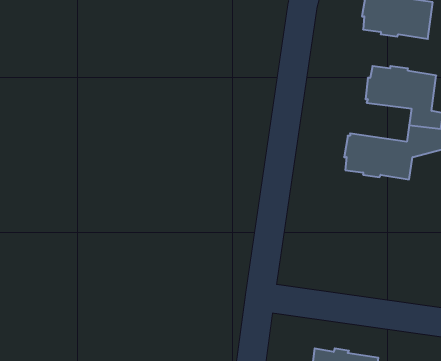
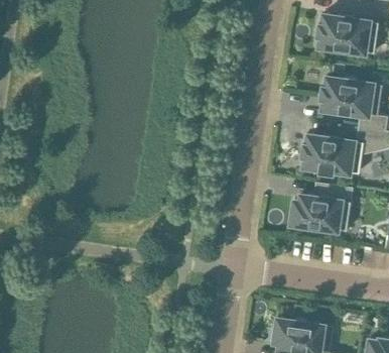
building: none -> [290,183,352,231]

